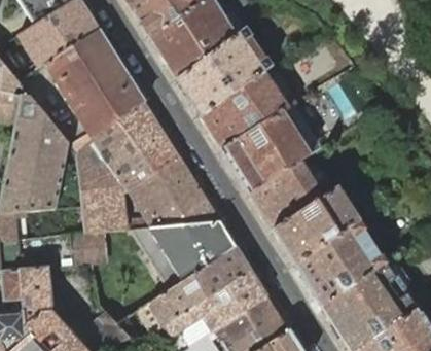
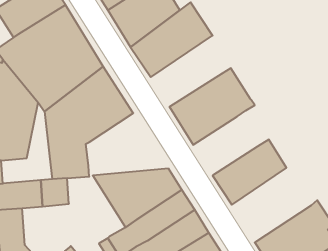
building: [201,67,297,150] -> none
building: [128,157,221,232] -> none
building: [250,162,325,231] -> none
building: [295,221,388,309] -> none

